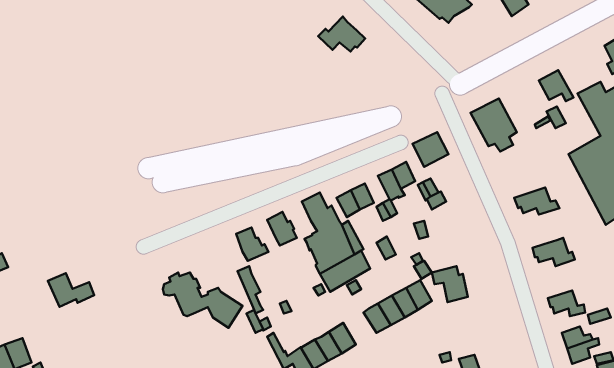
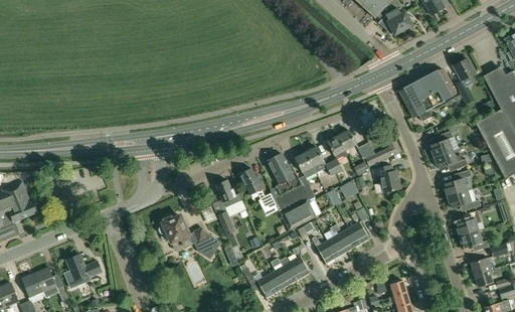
building: none -> [379,8,411,35]
building: [318,17,365,52] -> none
building: none -> [421,68,456,106]
building: none -> [432,131,459,157]
building: none -> [445,169,472,196]
building: [432,266,468,302] -> [372,164,400,192]
building: none -> [457,210,482,236]
building: [48,273,94,307] -> [66,254,103,280]

